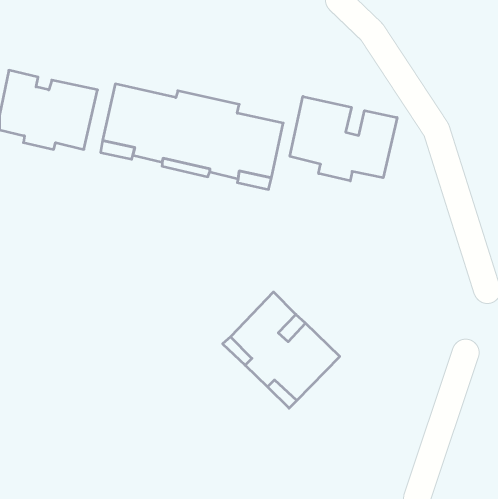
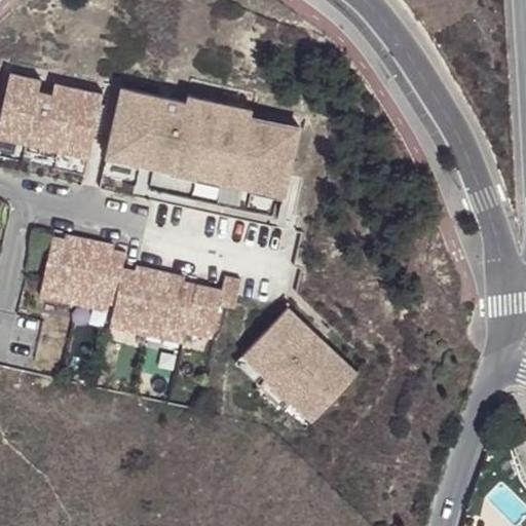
building: [290,96,397,181] -> none
building: none -> [39,236,240,344]

